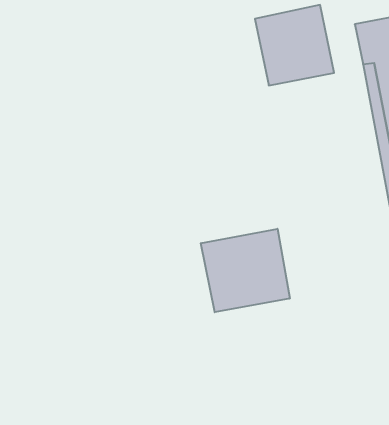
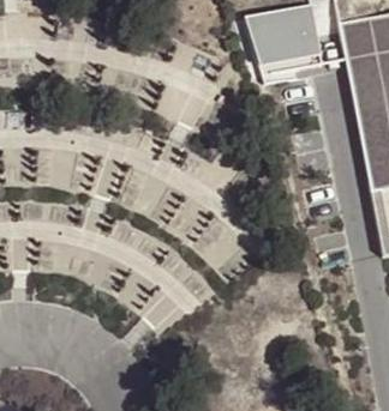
building: [201,229,290,312] -> none

